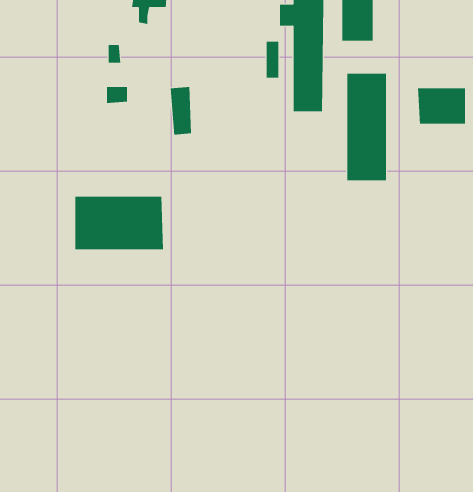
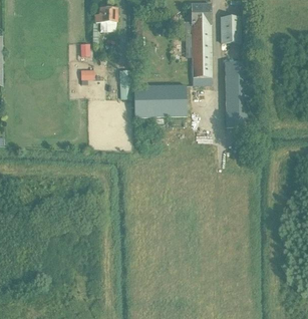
building: [418,88,465,125] -> none
building: [75,196,164,250] -> [133,84,187,116]

